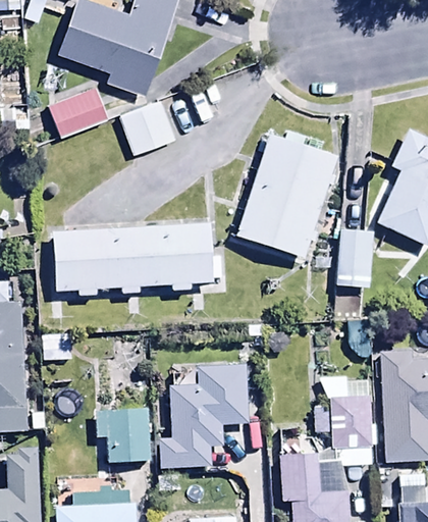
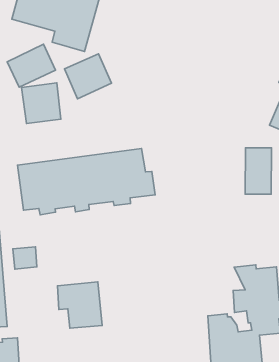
building: [234,120,340,245] -> none
building: none -> [22,83,61,124]
building: [160,368,250,471] -> none

